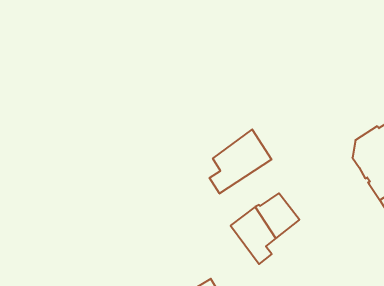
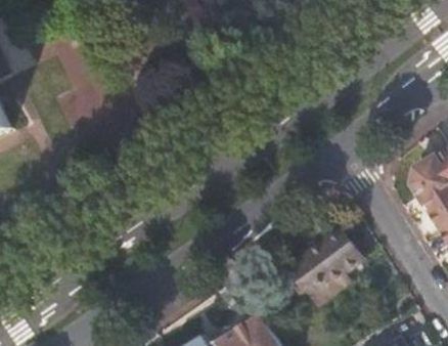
building: [210,129,271,194] -> none

